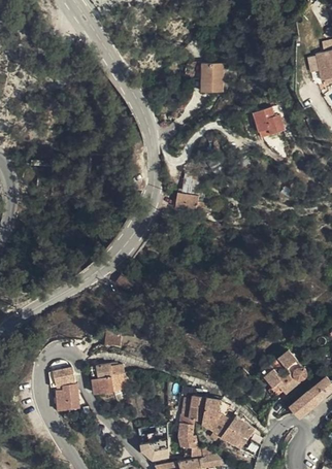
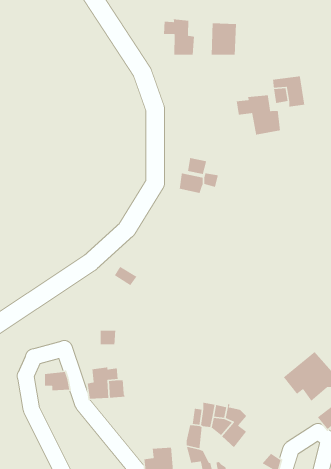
building: none -> [163,19,195,55]
building: none -> [236,94,281,136]
building: [55,383,79,408] -> none
building: [220,413,253,445] -> none

